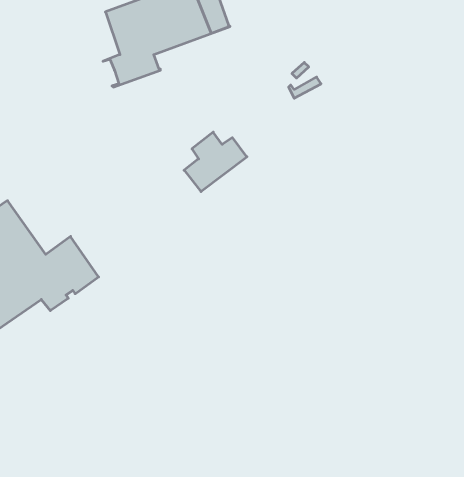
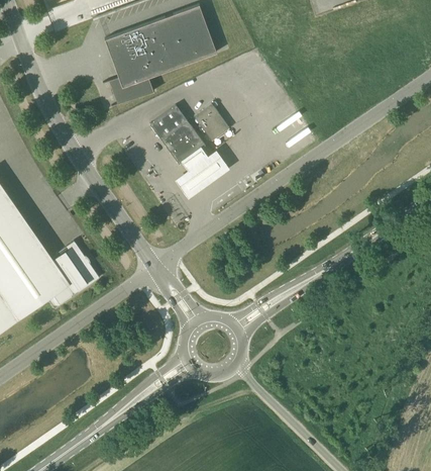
building: none -> [194,103,229,140]
building: none -> [149,104,205,164]

